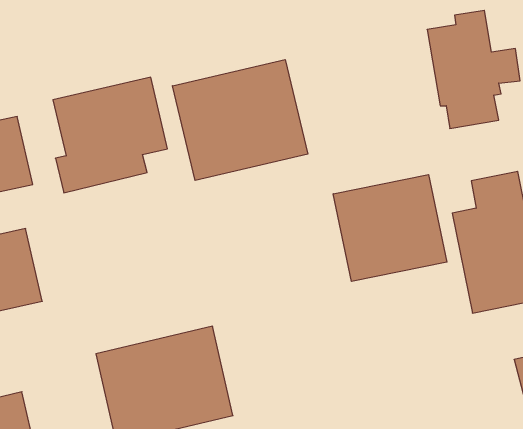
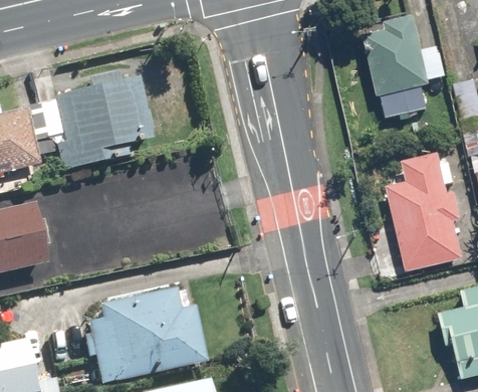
building: [172,60,308,180] -> none
building: [333,175,447,281] -> none

